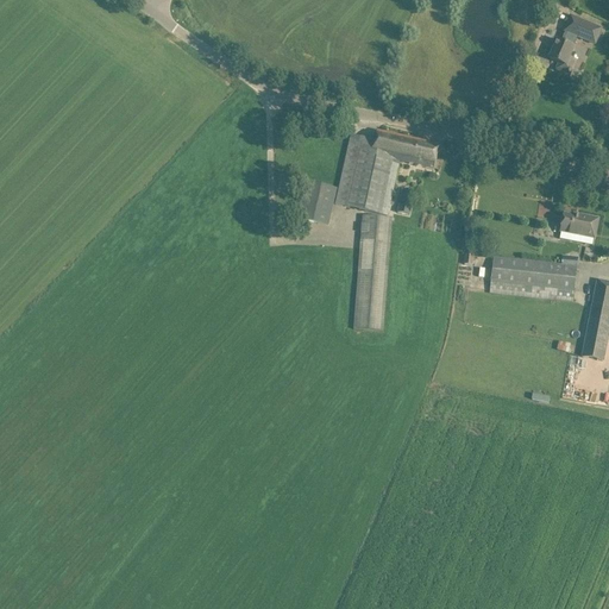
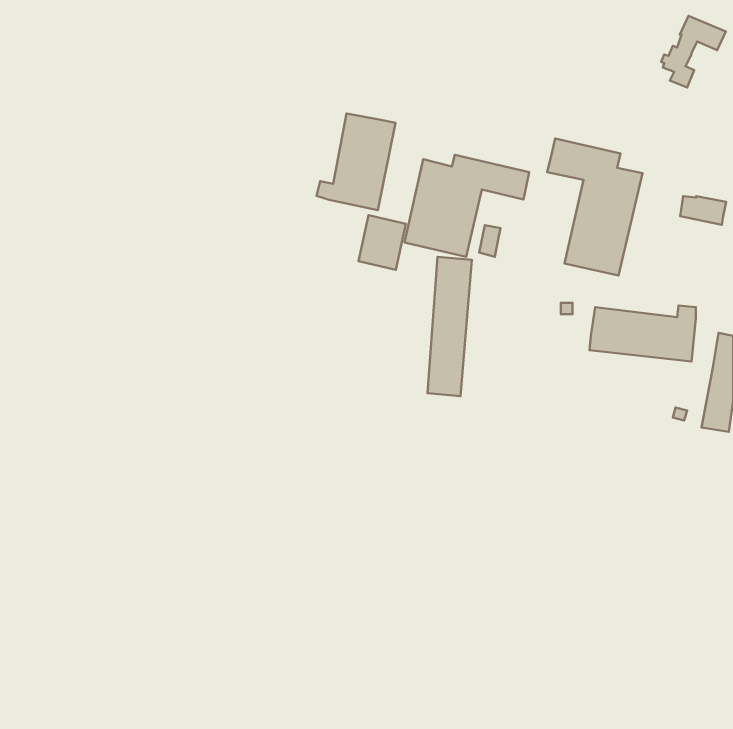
building: none -> [317,114,395,210]
building: none -> [547,139,643,276]
building: [560,212,598,236] -> [680,196,726,225]

